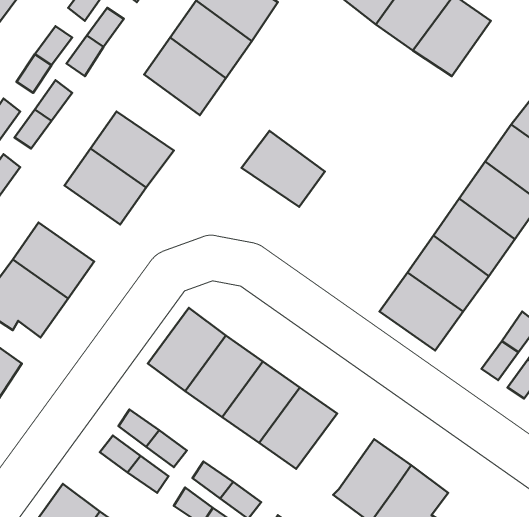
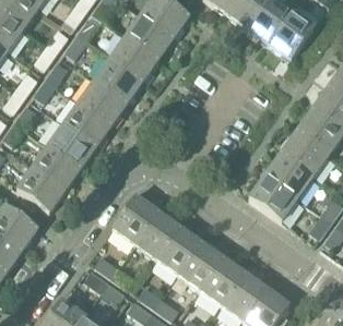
building: [242,131,325,207] -> [94,58,143,102]
building: none -> [48,123,96,168]
building: none -> [200,257,246,305]

